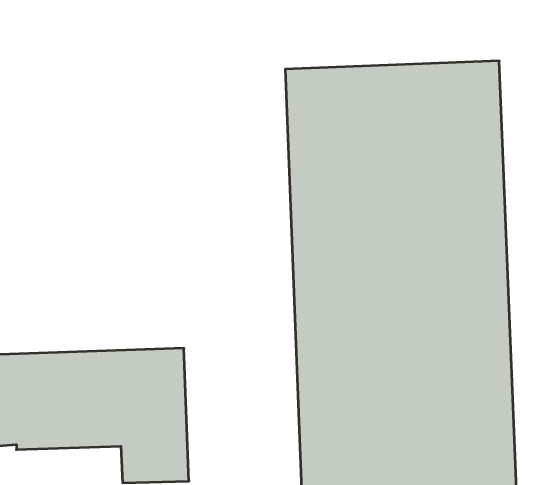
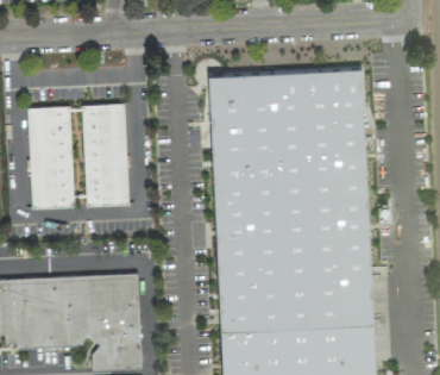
building: none -> [82,106,128,208]
building: none -> [29,108,74,211]

